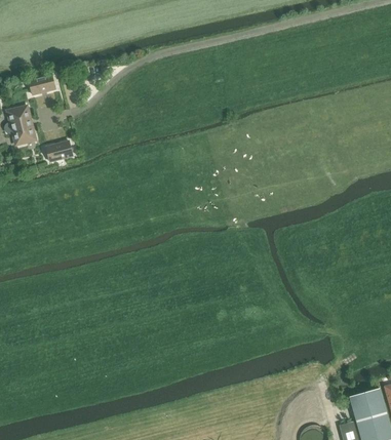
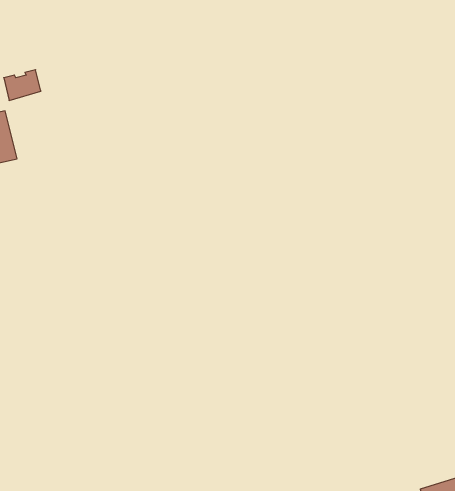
building: [45,139,73,162] -> none

